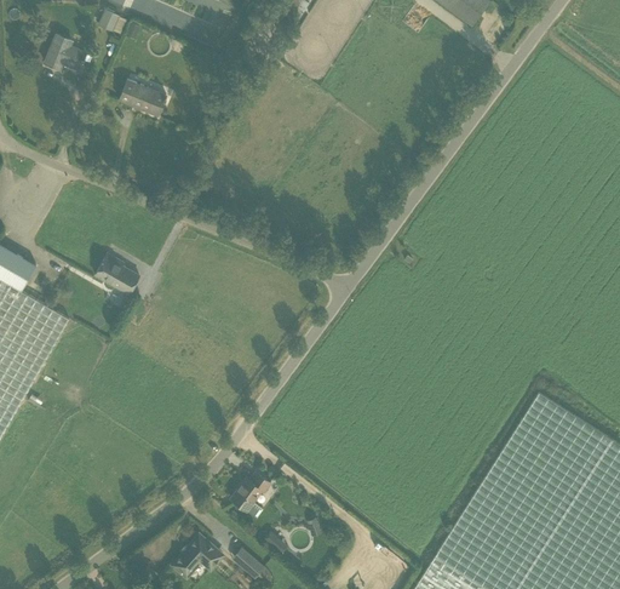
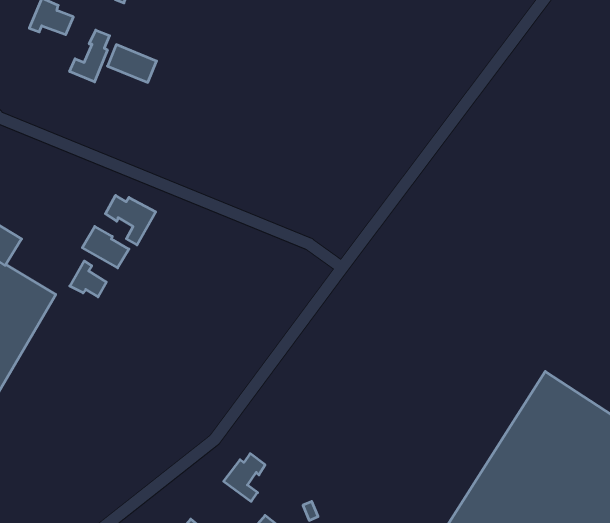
building: none -> [70,30,110,82]
building: none -> [105,195,156,245]
building: none -> [70,261,106,297]

